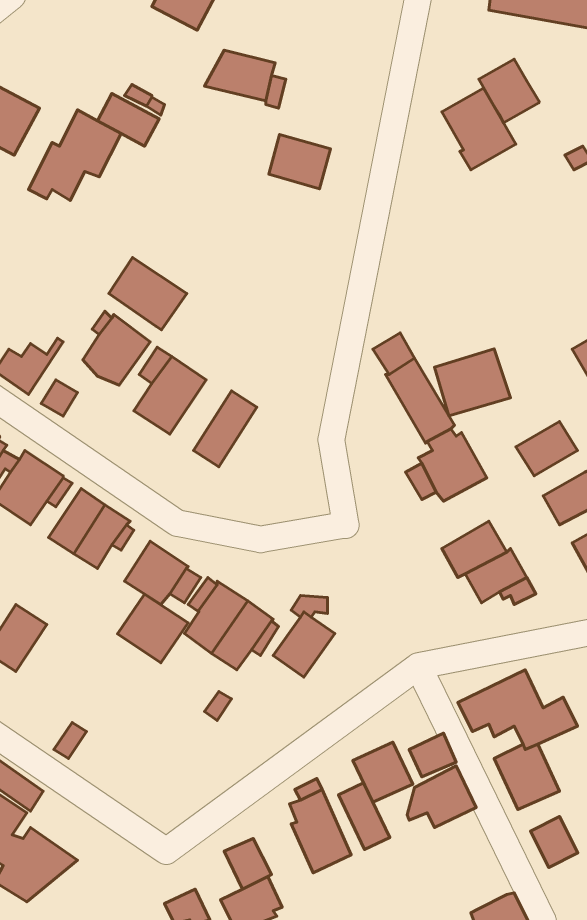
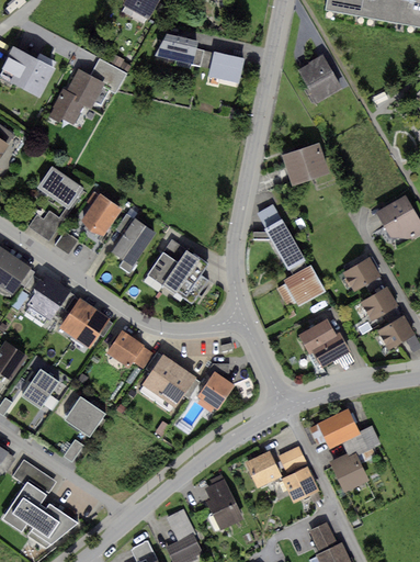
building: [479,59,539,123] -> none
building: [269,134,330,189] -> [207,50,245,83]
building: [109,257,187,330] -> [36,165,83,209]
building: [434,349,510,416] -> [282,144,328,184]
building: none -> [162,248,207,303]
building: [117,594,188,663] -> [63,395,105,437]
building: [338,783,390,850] -> none
building: [531,817,578,867] -> [308,521,337,552]

